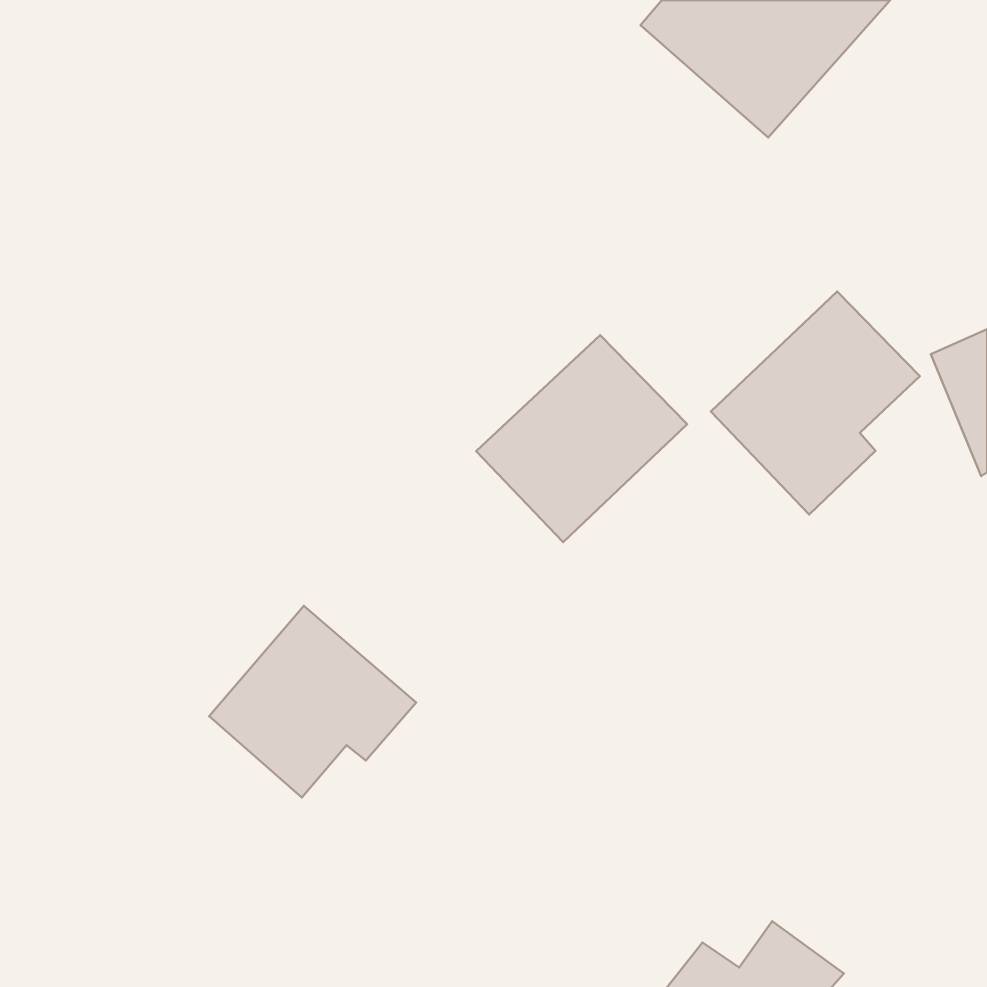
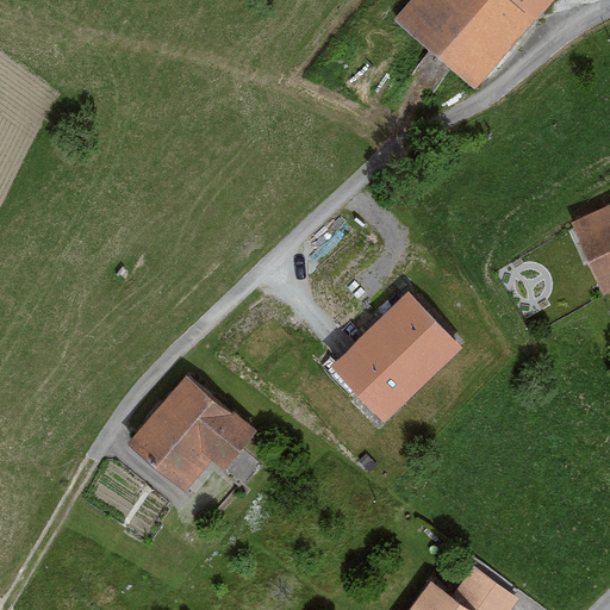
building: [711,291,920,514] -> none
building: [476,335,687,542] -> [332,291,462,418]

